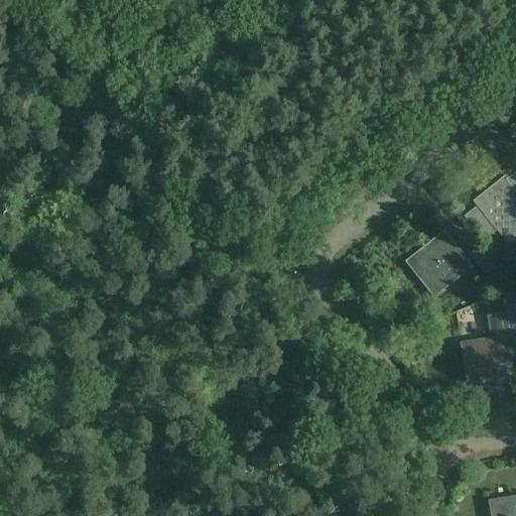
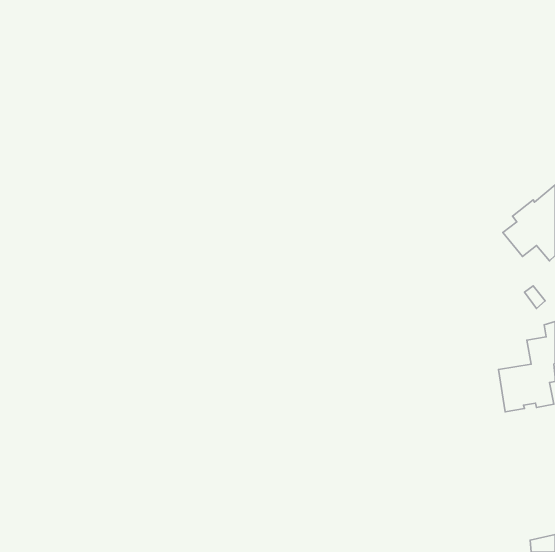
building: [408,231,474,295] -> none

